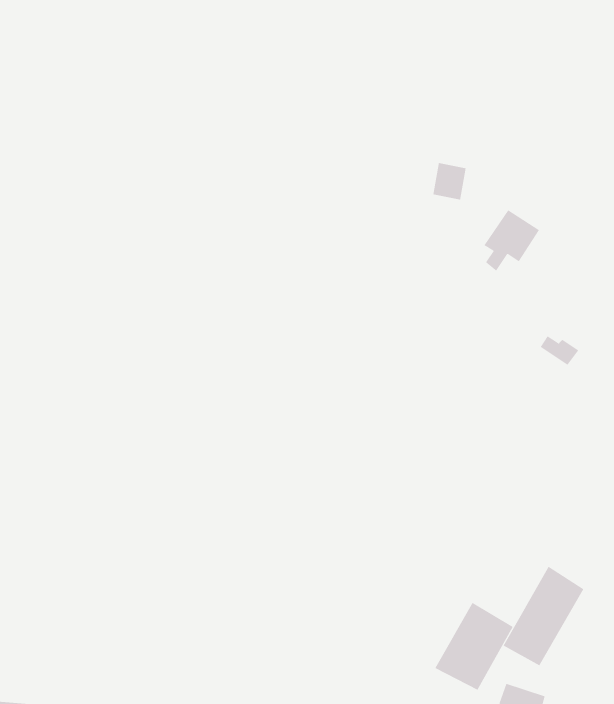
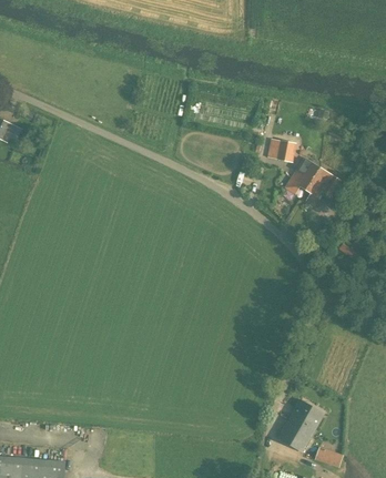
building: none -> [286,157,321,193]
building: [503,566,584,666] -> none

